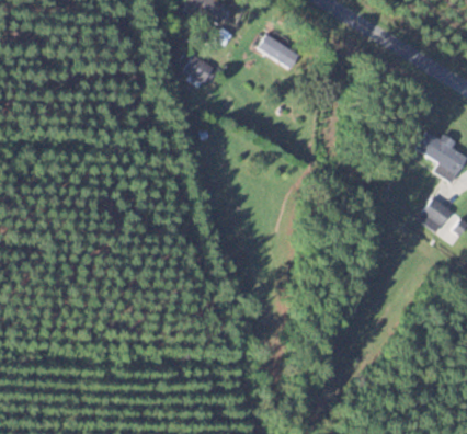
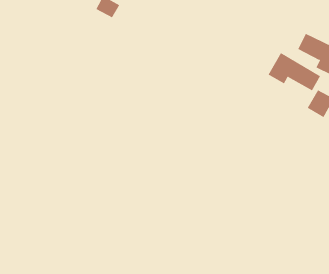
building: none -> [268,52,321,91]

